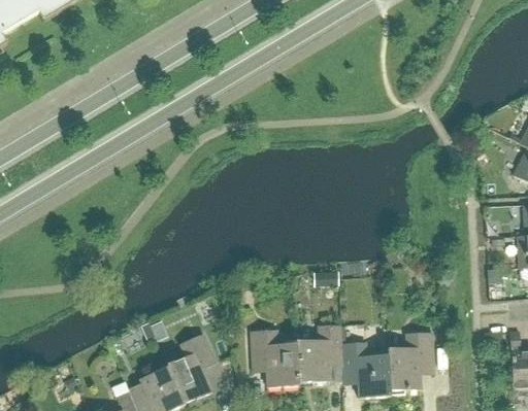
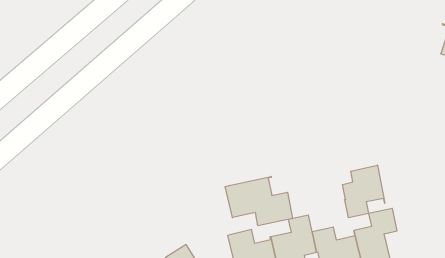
building: none -> [225,176,292,226]
building: none -> [343,165,385,218]

